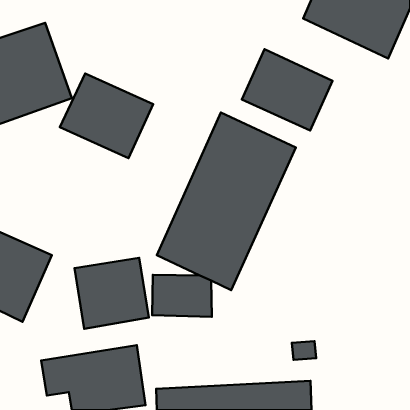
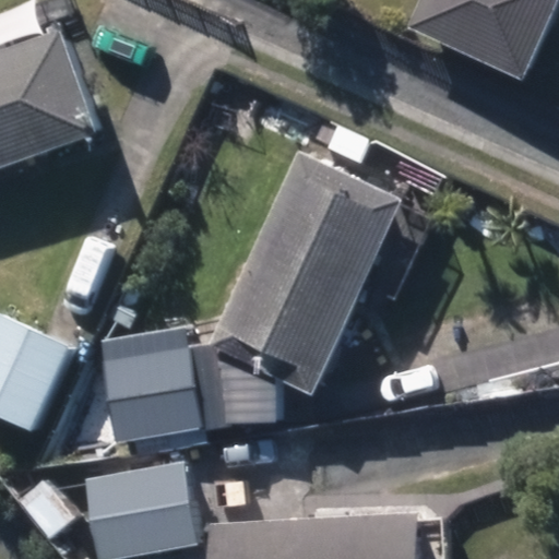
building: [242,49,333,131] -> none
building: [60,73,153,158] -> none

